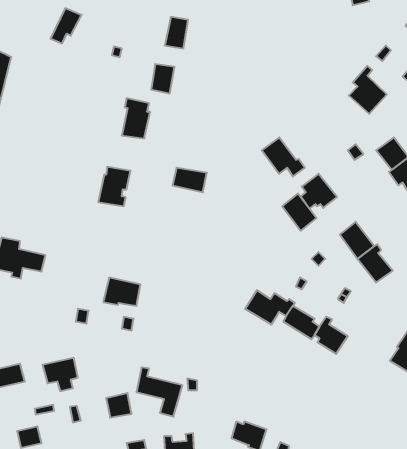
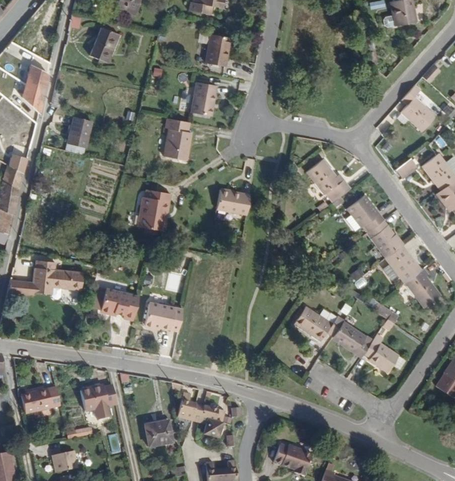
building: none -> [70,117,95,146]
building: [282,194,317,231] -> [366,218,401,256]
building: none -> [99,288,137,319]

